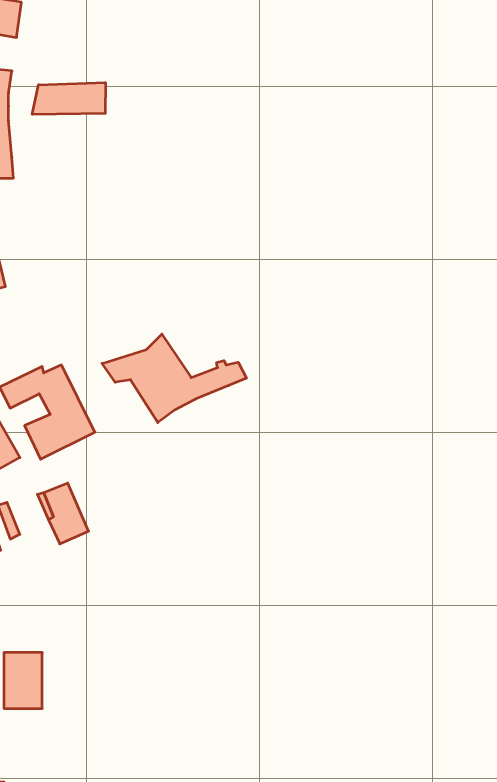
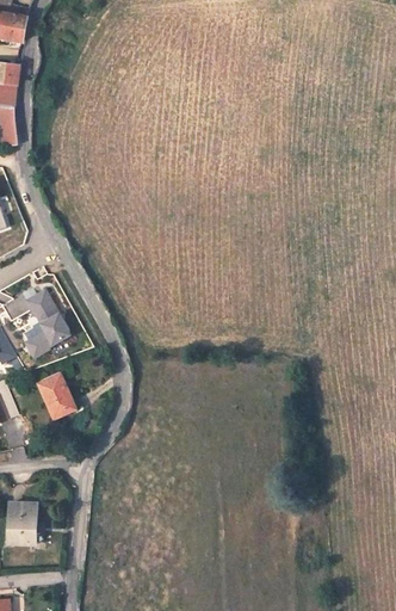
building: [32,83,105,114] -> none
building: [102,334,246,423] -> none

